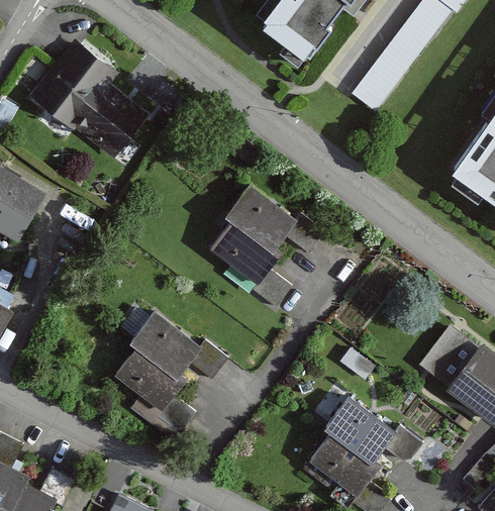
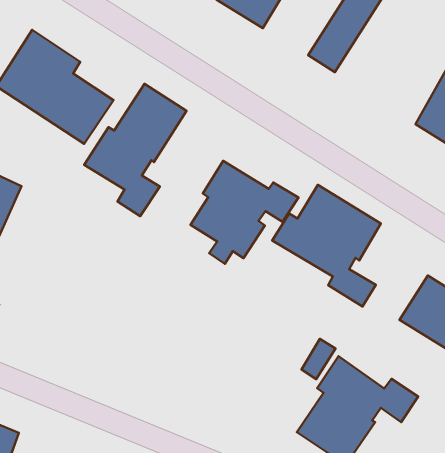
building: none -> [84,84,187,216]
building: none -> [272,185,381,306]
building: [119,315,230,420] -> none

